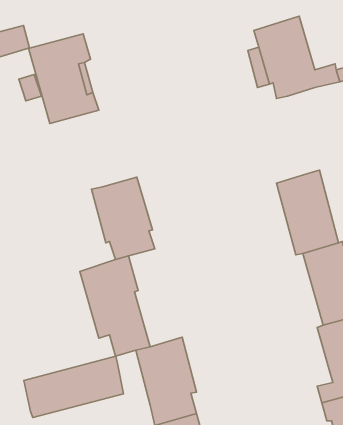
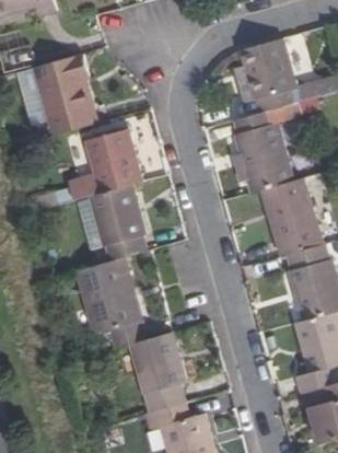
building: none -> [233,111,291,193]
building: none -> [85,131,141,194]
building: [24,356,123,417] -> none

